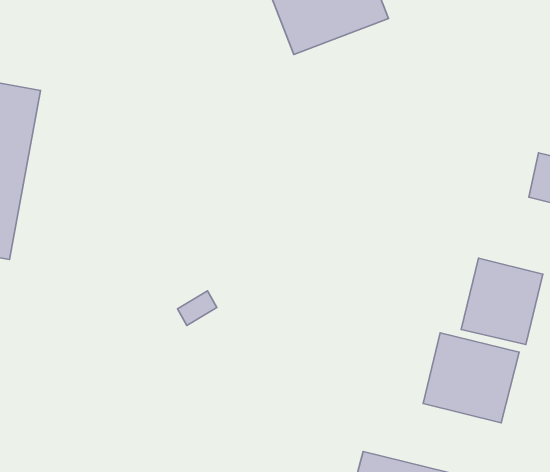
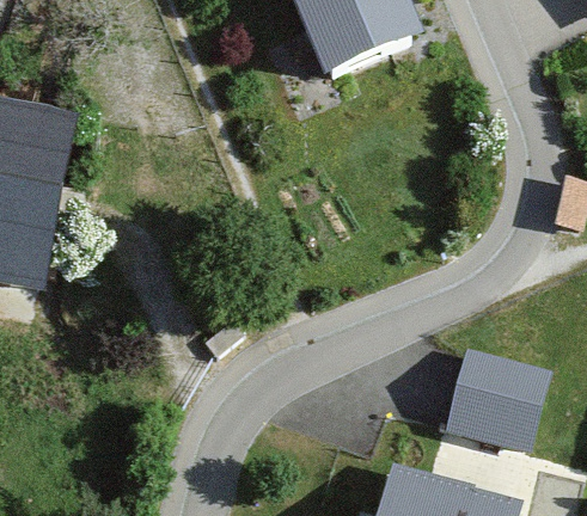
building: [461,258,543,345] -> none

